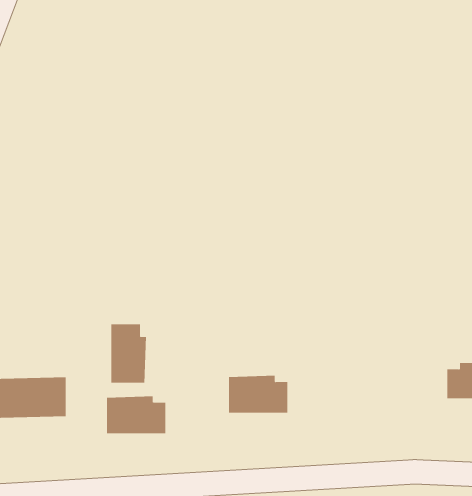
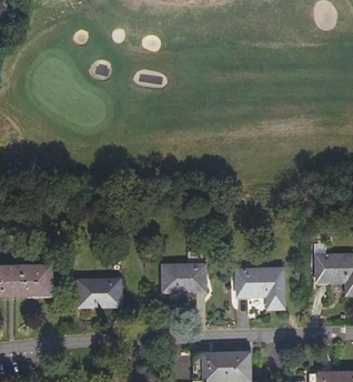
building: [111,324,146,383] -> none
building: none -> [236,269,283,309]

